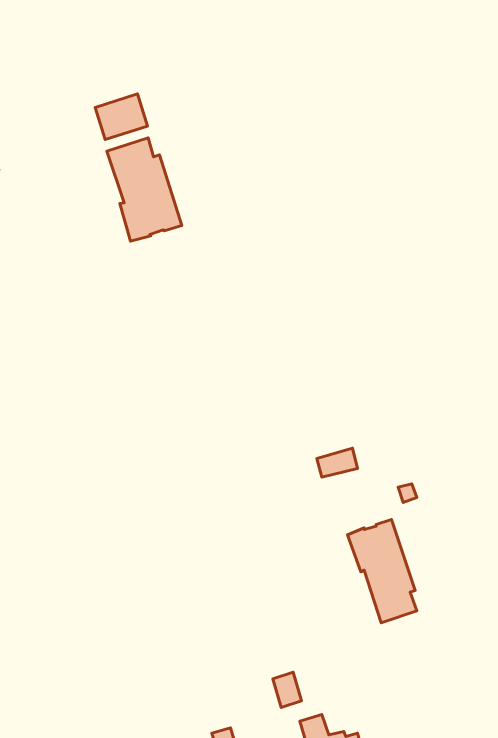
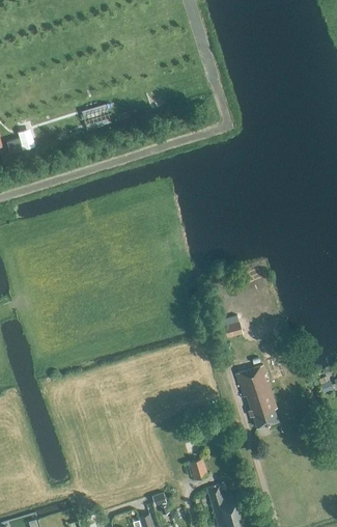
building: [107,138,182,241] -> none

